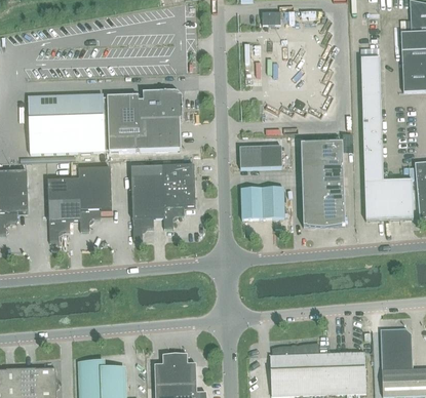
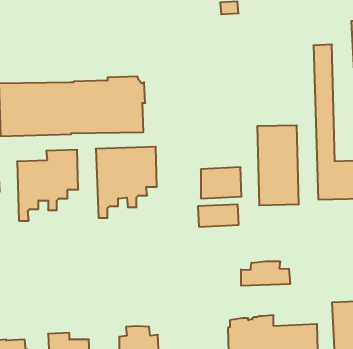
building: [239,145,282,168] -> [198,204,239,227]
building: none -> [241,261,290,286]

